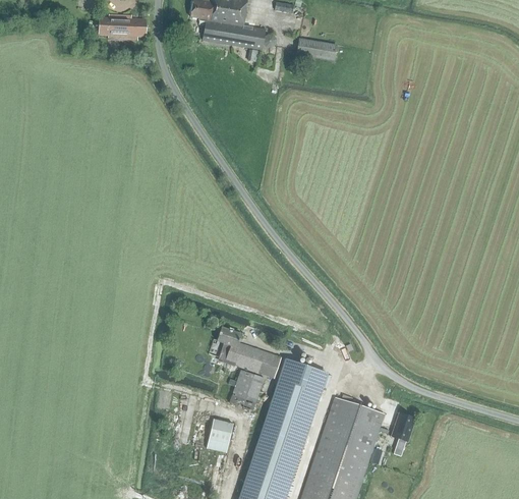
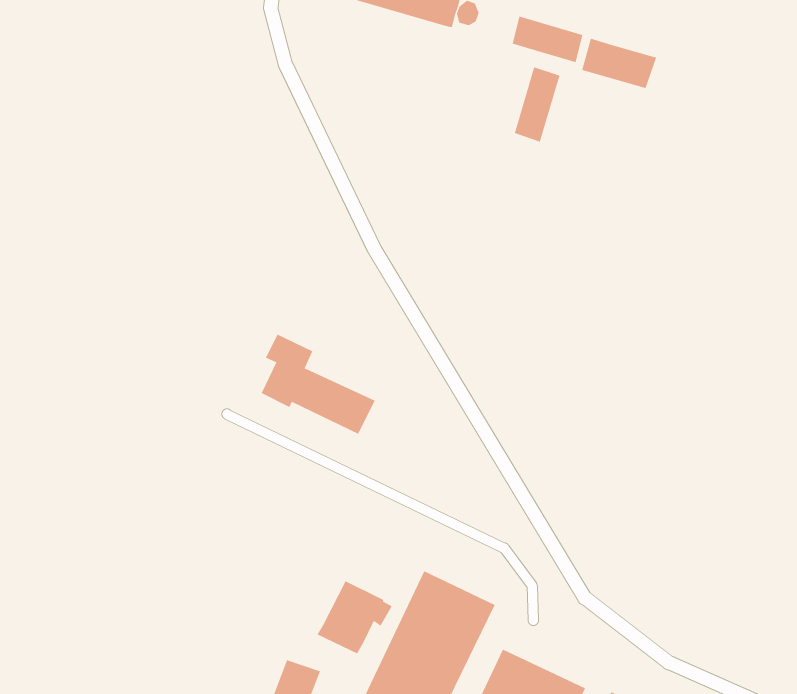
building: none -> [582,38,657,89]
building: none -> [514,66,560,143]
building: [217,326,282,377] -> [261,334,375,434]

